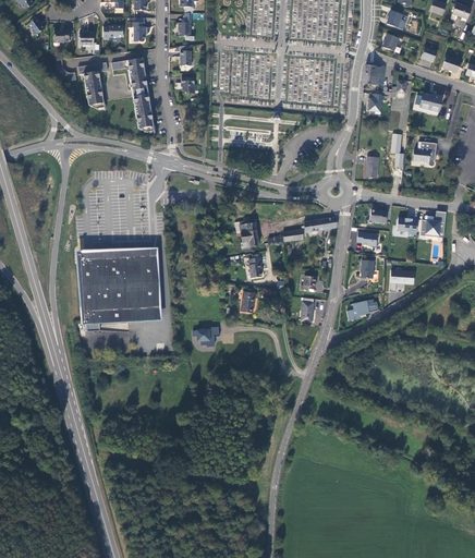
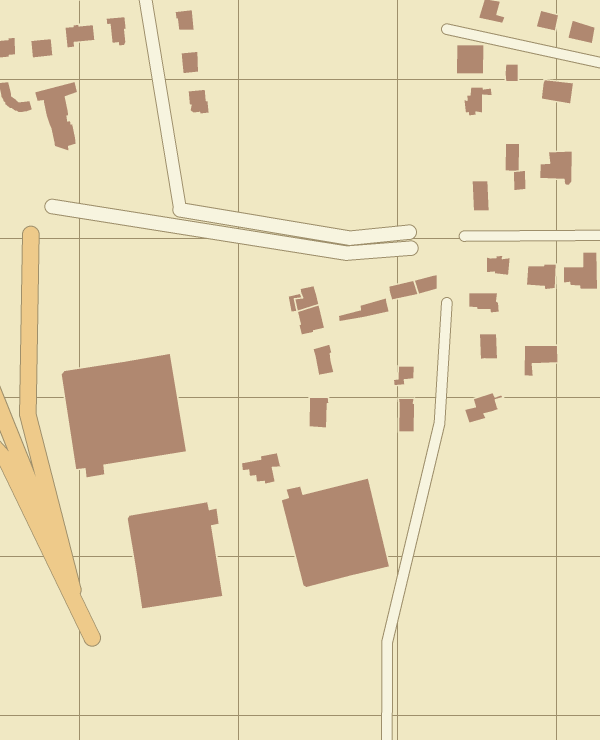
building: [111,57,154,132] -> none
building: none -> [281,478,390,588]
building: none -> [127,502,223,609]

